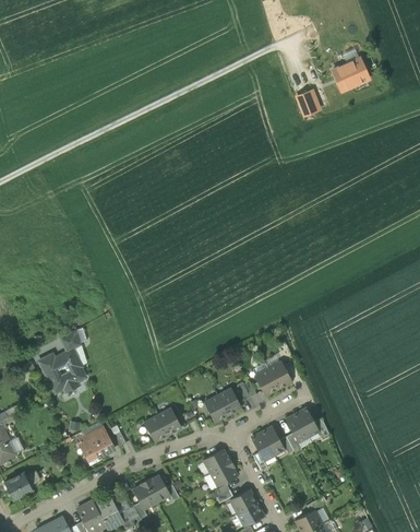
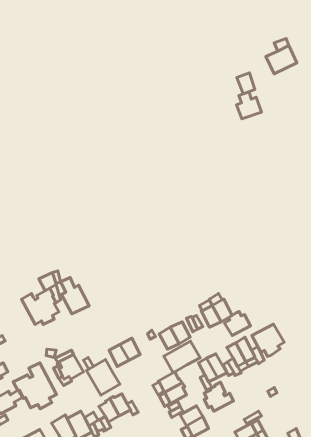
building: none -> [237,92,261,119]
building: none -> [61,278,89,314]
building: none -> [225,312,250,335]
building: none -> [252,324,284,357]
building: none -> [164,341,200,373]
building: none -> [87,359,120,395]
building: none -> [13,363,56,409]
building: none -> [204,382,233,411]

